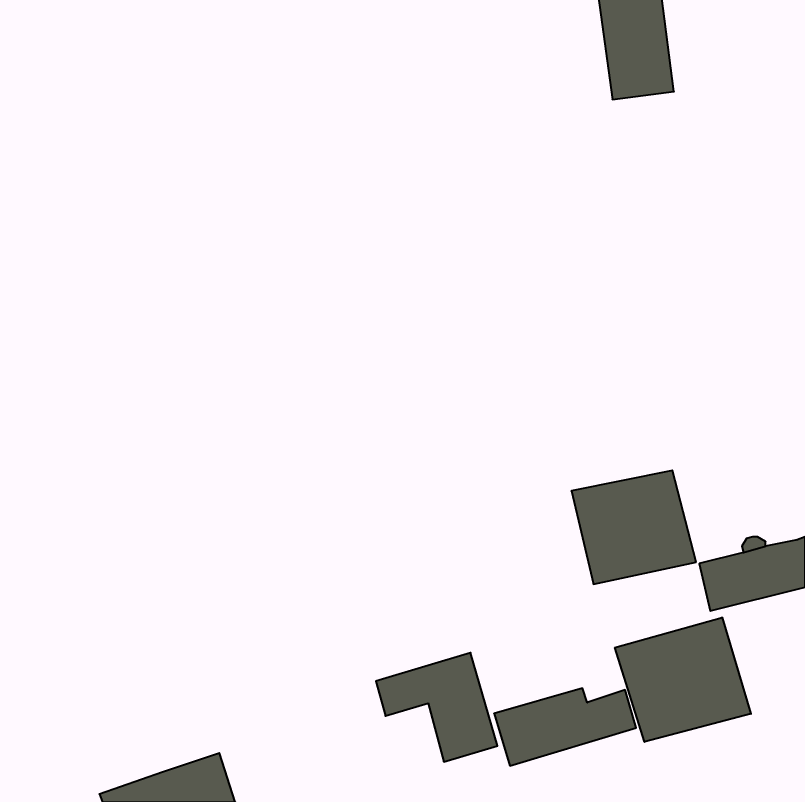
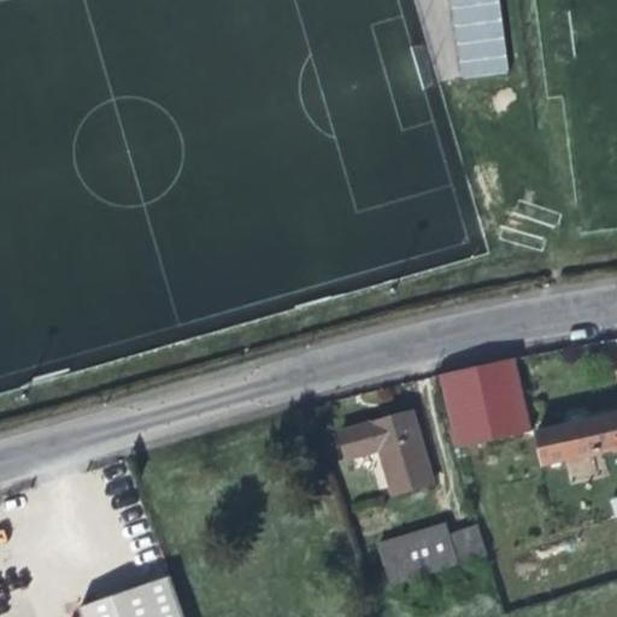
building: [615,617,751,742] -> none
building: [376,653,497,762] -> [340,413,433,496]

